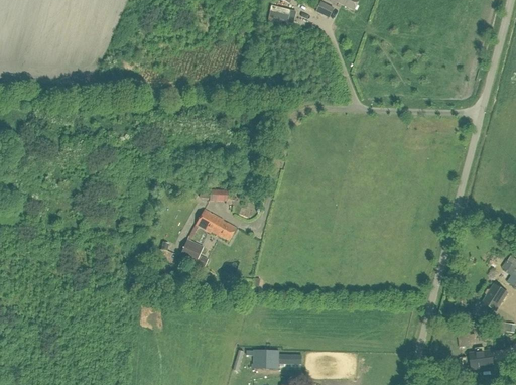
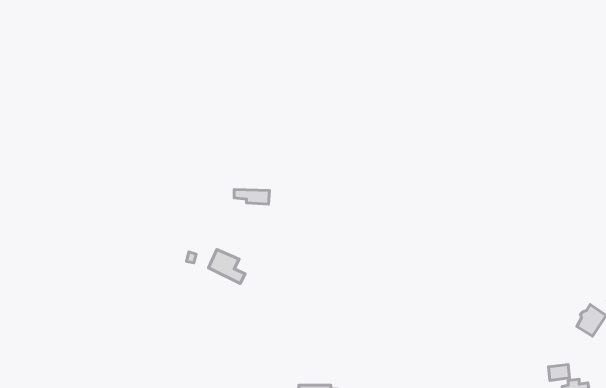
building: [196,209,236,240] -> none

